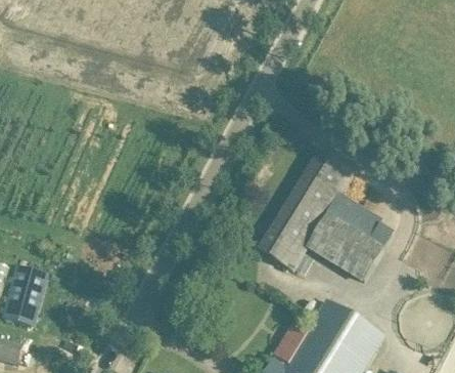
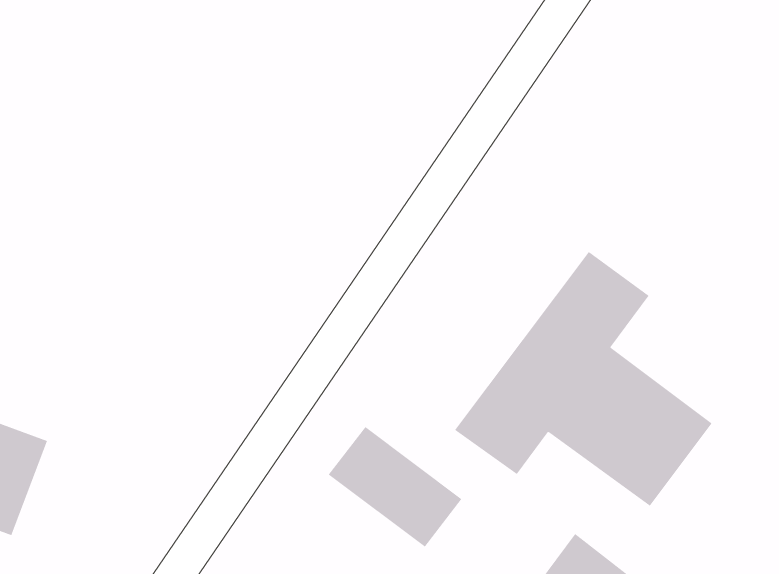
building: none -> [328,426,462,547]

